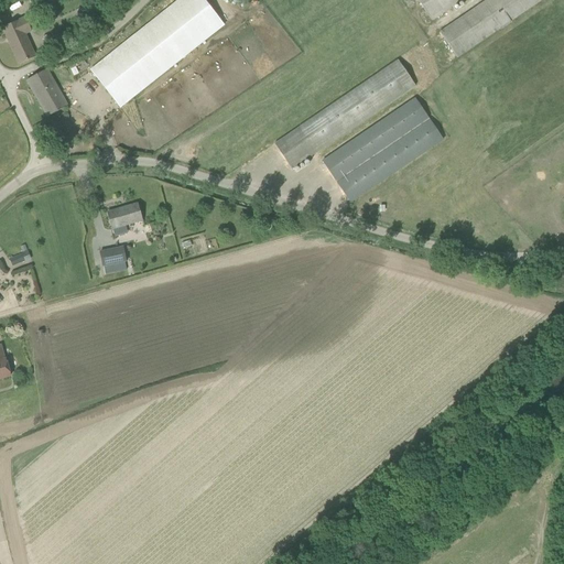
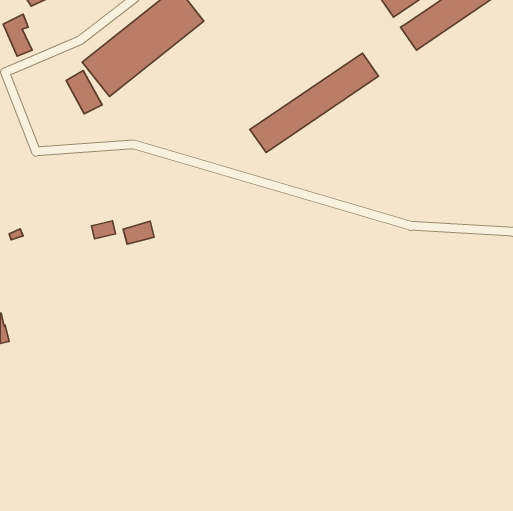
building: [28,67,67,115] -> [66,71,102,114]
building: [323,97,443,200] -> none
building: [108,202,142,227] -> [123,221,154,244]

